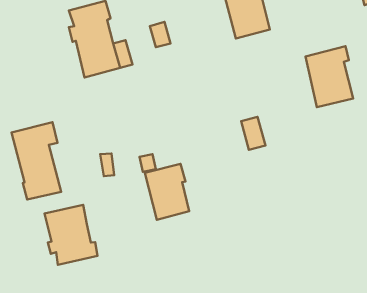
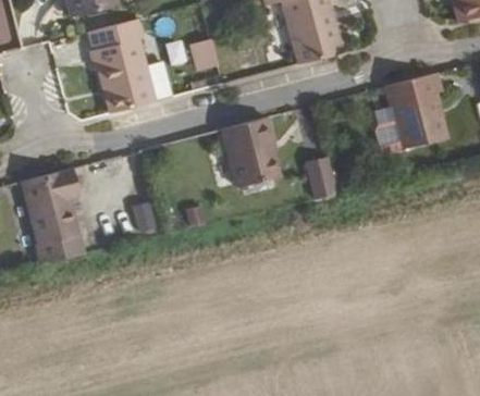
building: [145,164,189,220] -> [220,117,275,187]
building: [44,205,97,265] -> none

